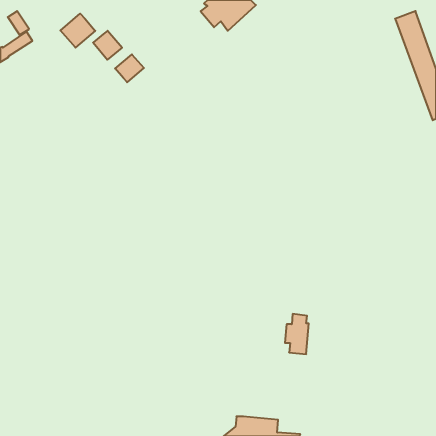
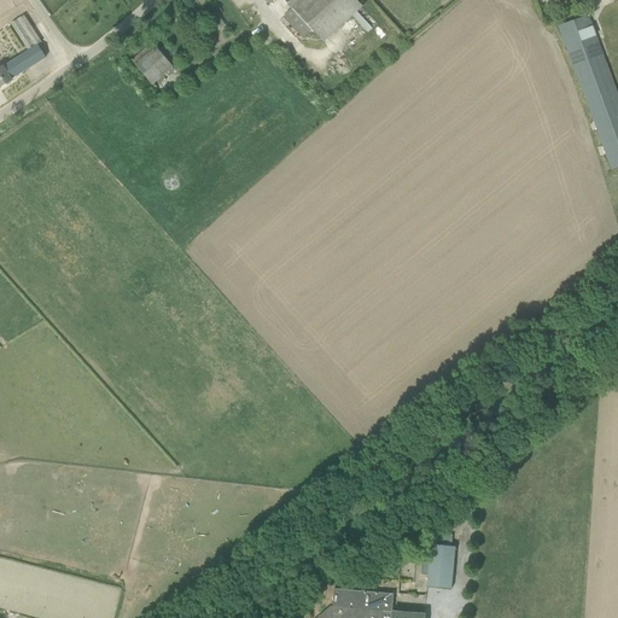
building: [60,14,95,48] -> none
building: [115,54,144,82] -> none
building: [285,314,309,354] -> [421,534,455,590]

